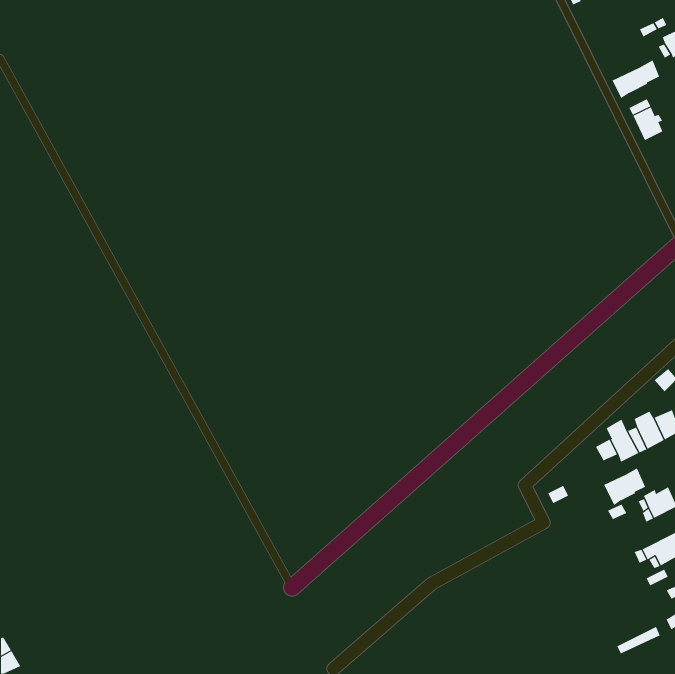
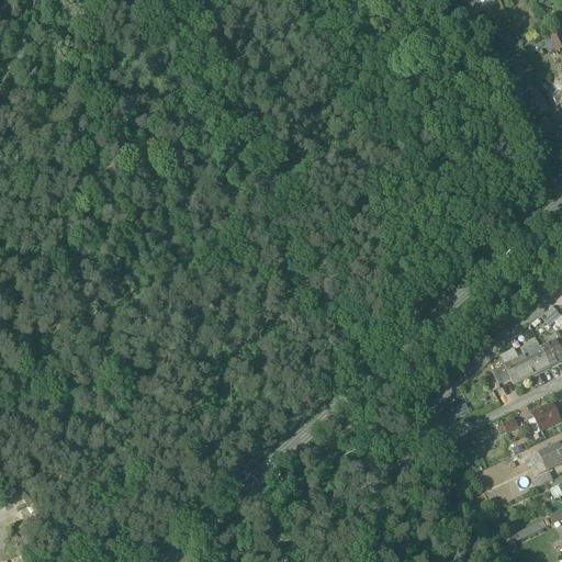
building: [612,60,660,99] -> none
building: [603,467,646,506] -> none

